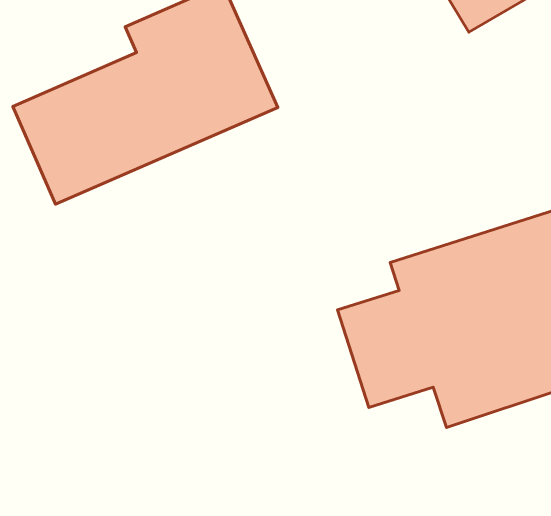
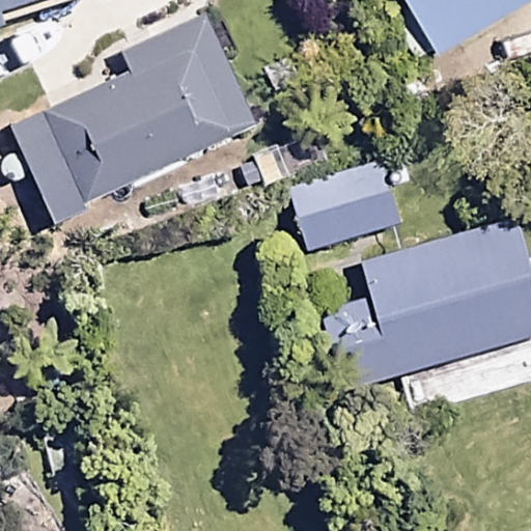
building: none -> [277,148,397,248]

